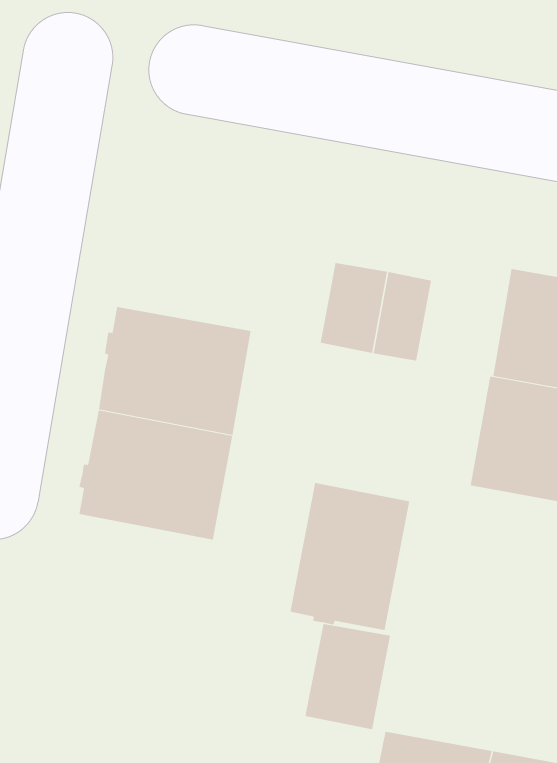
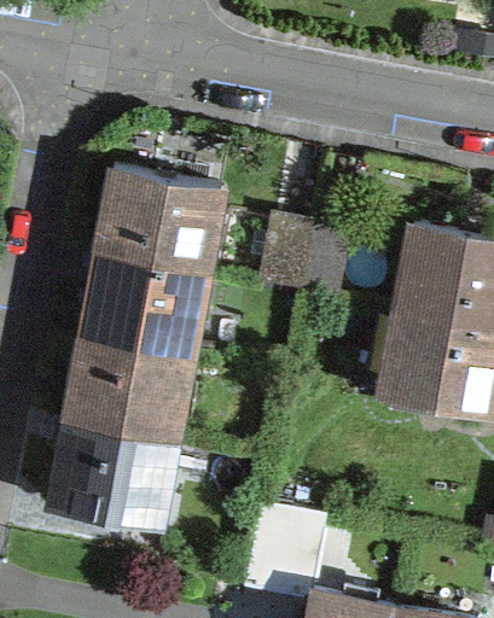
building: none -> [95,168,219,273]
building: [290,482,410,631] -> none
building: none -> [50,419,173,525]

